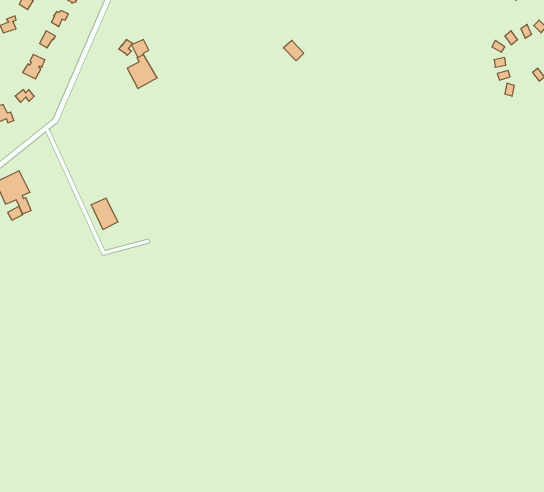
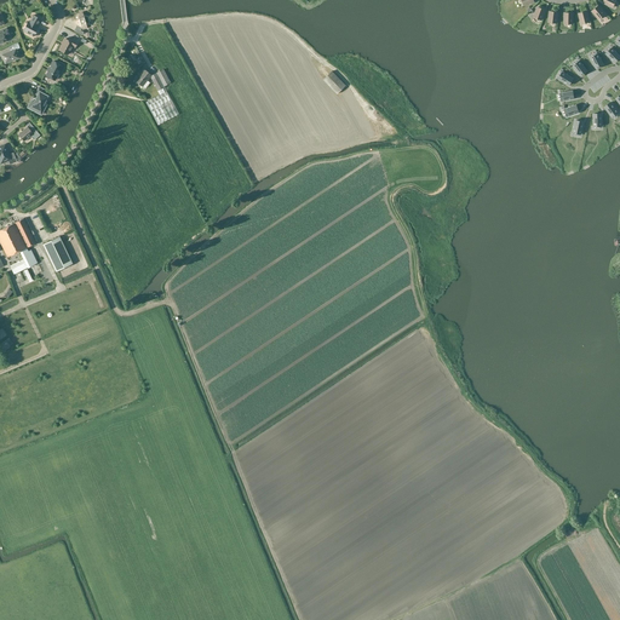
building: [91,198,118,229] -> [42,235,73,270]

